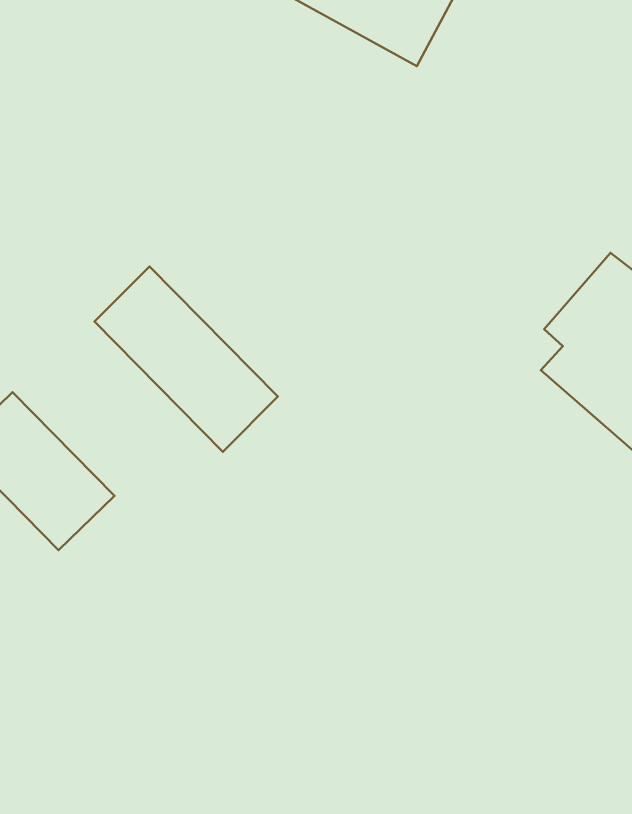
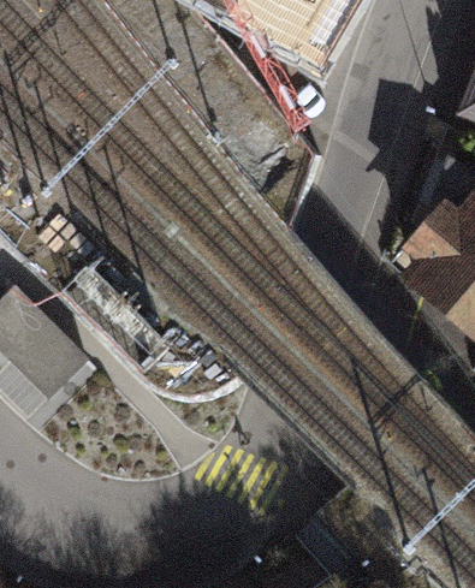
building: [95,266,278,452] -> none

